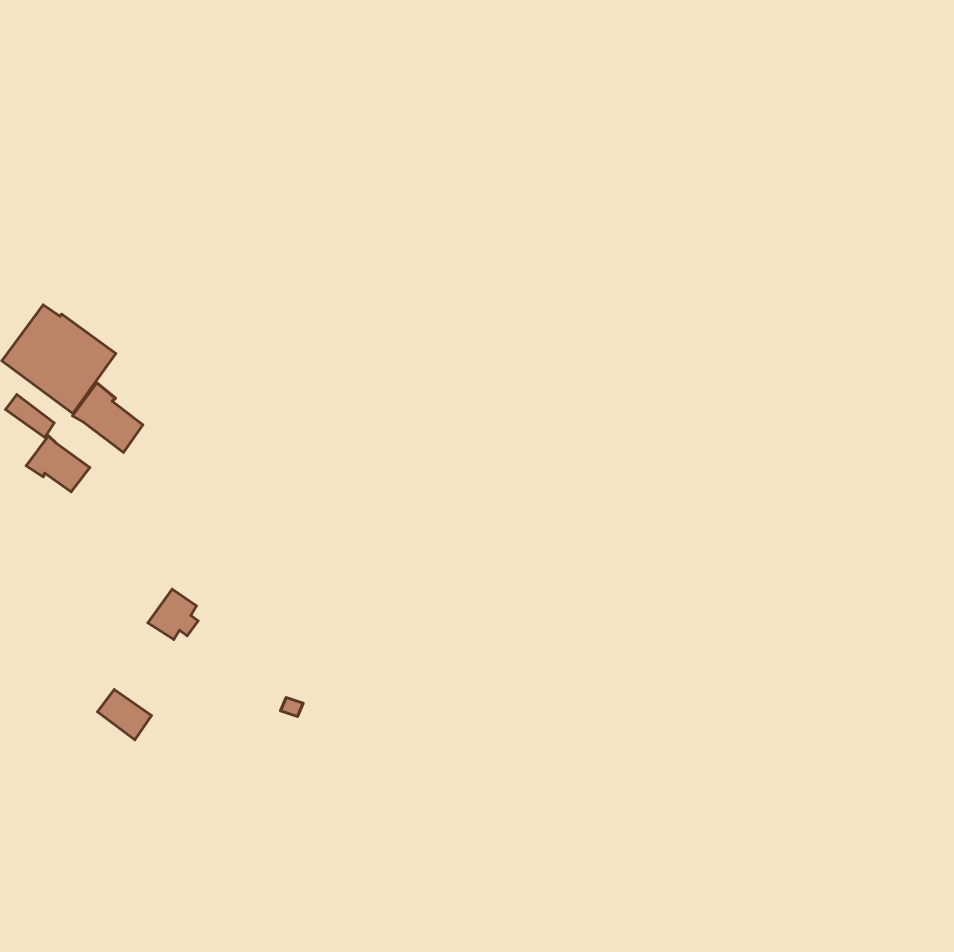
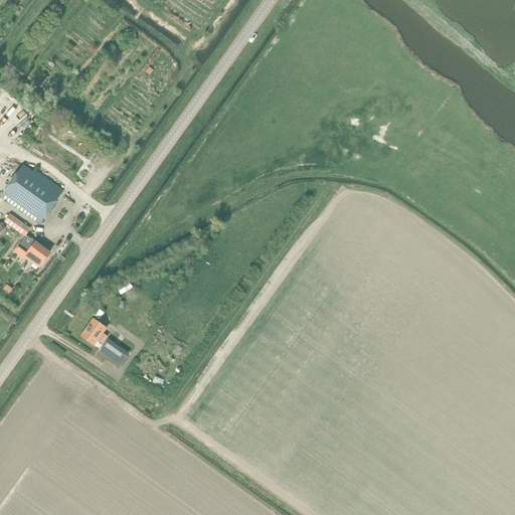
building: [72,383,143,452] -> none
building: [97,689,152,740] -> [99,338,128,365]

